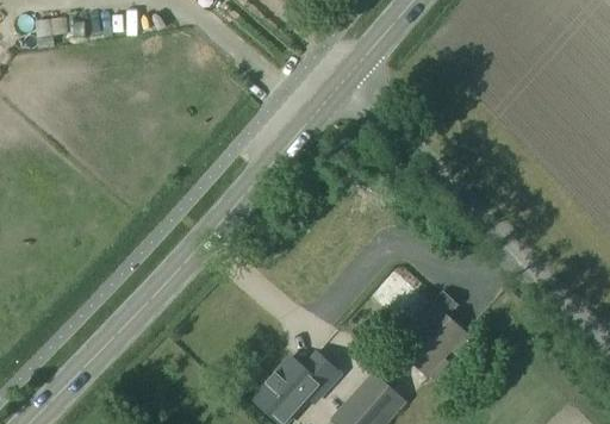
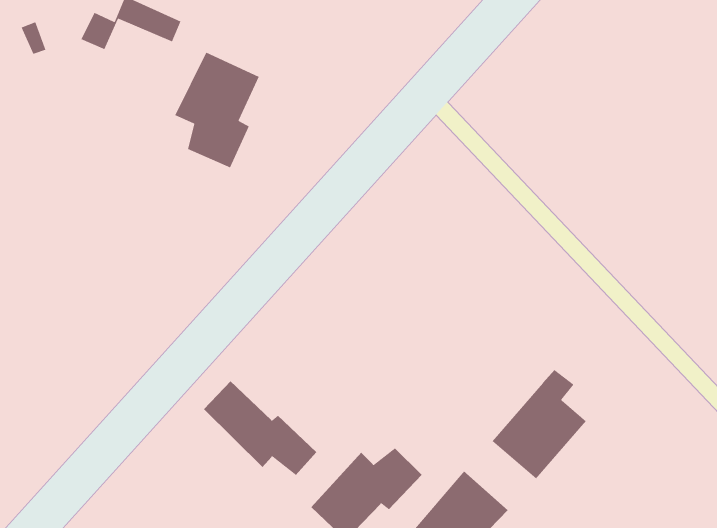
building: none -> [174,52,260,168]
building: none -> [203,381,317,476]

